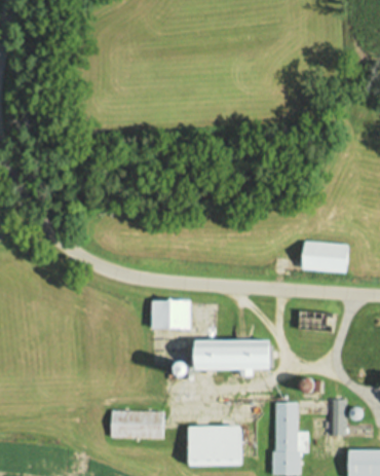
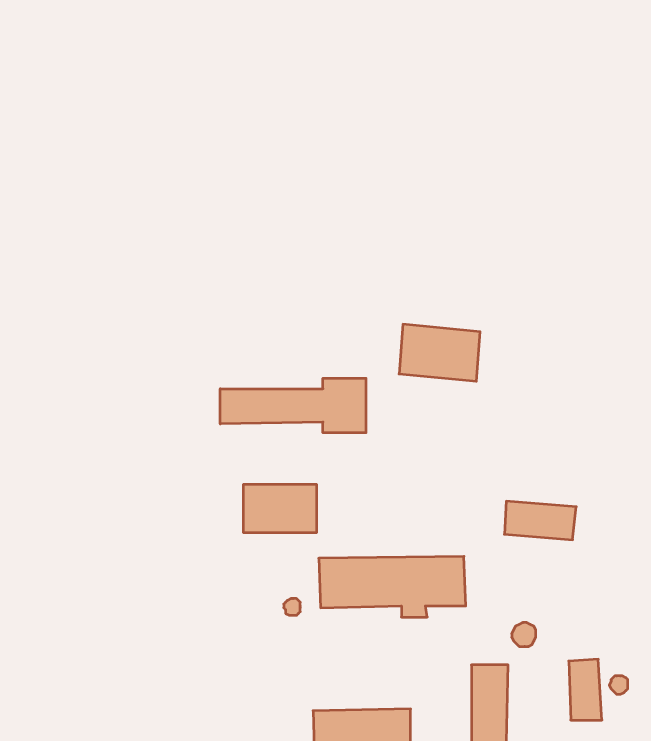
building: [304,241,349,272] -> [399,324,480,381]
building: none -> [220,378,366,433]
building: [113,411,164,438] -> none

